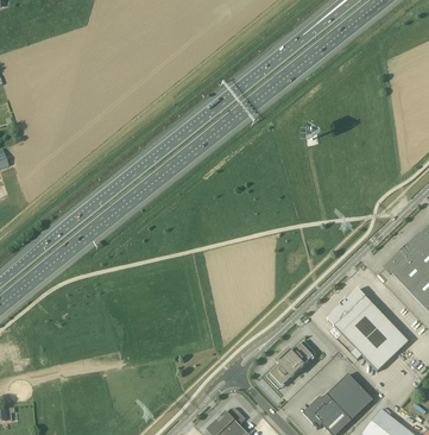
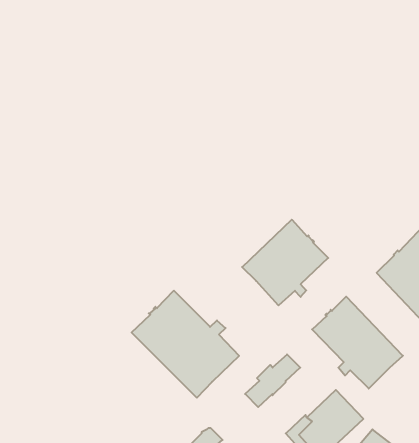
building: none -> [242,220,328,305]
building: none -> [132,291,239,398]

